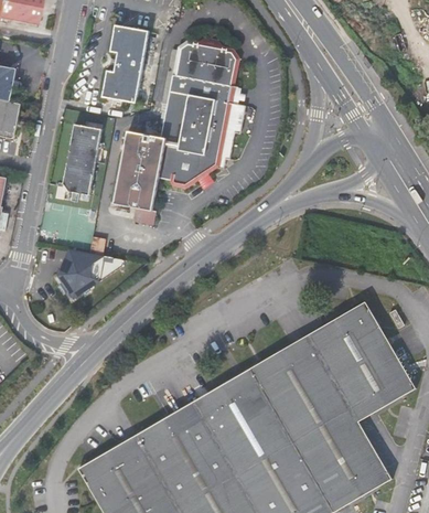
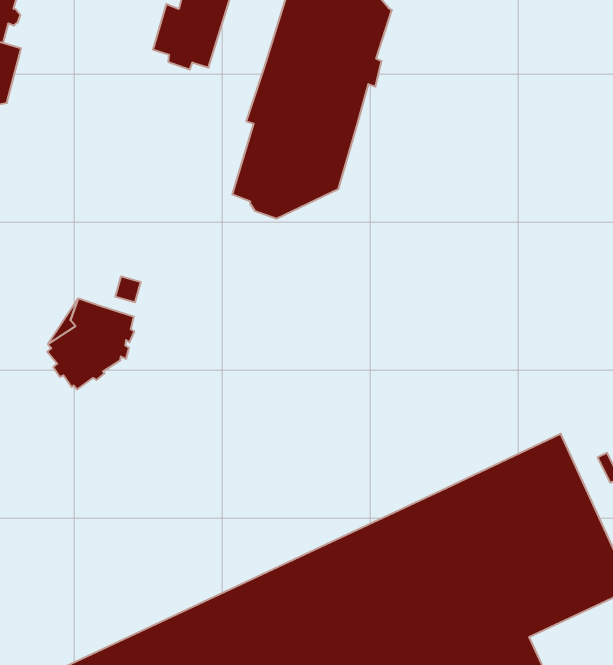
building: [61,120,100,200] -> none
building: [110,127,164,224] -> none

